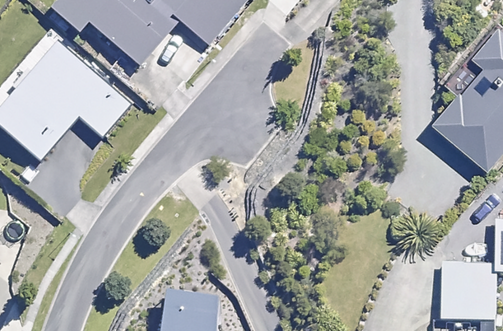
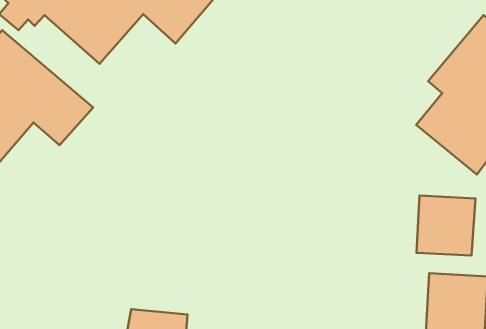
building: none -> [416,195,475,256]

